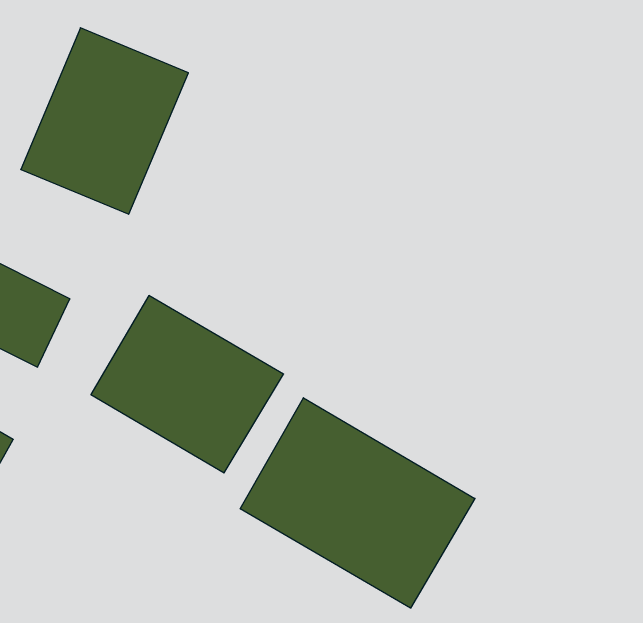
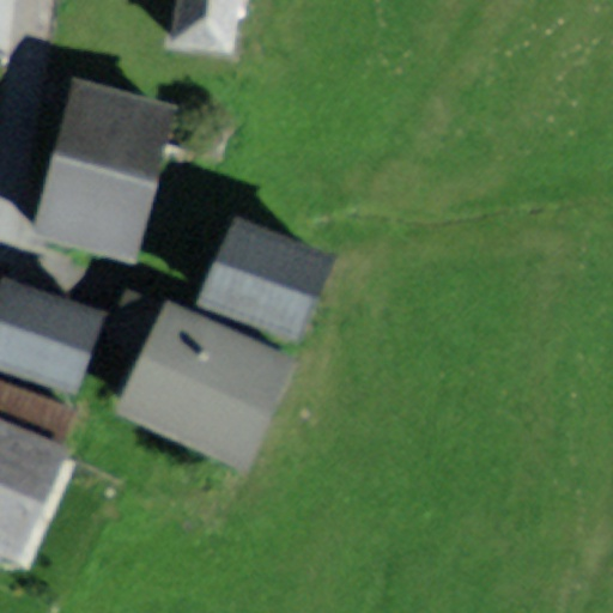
building: none -> [202,227,324,334]
building: [240,398,475,608] -> none

